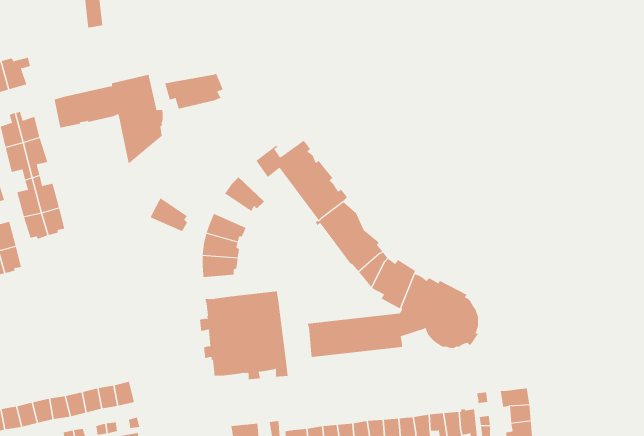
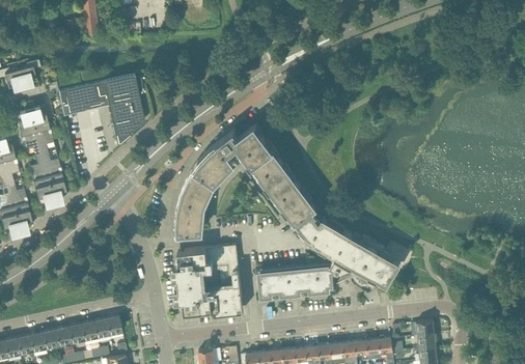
building: [165,73,224,109] -> none
building: none -> [203,142,232,174]
building: [150,198,188,232] -> [184,168,214,195]

